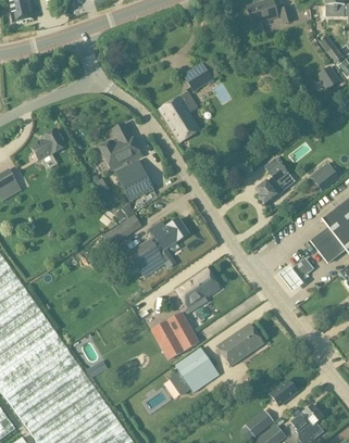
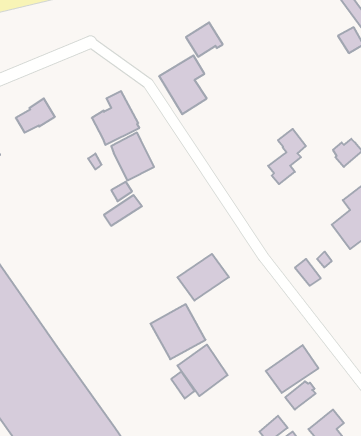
building: [148,219,187,250] -> none
building: [129,240,164,274] -> none
building: [216,324,263,366] -> [266,345,318,393]

